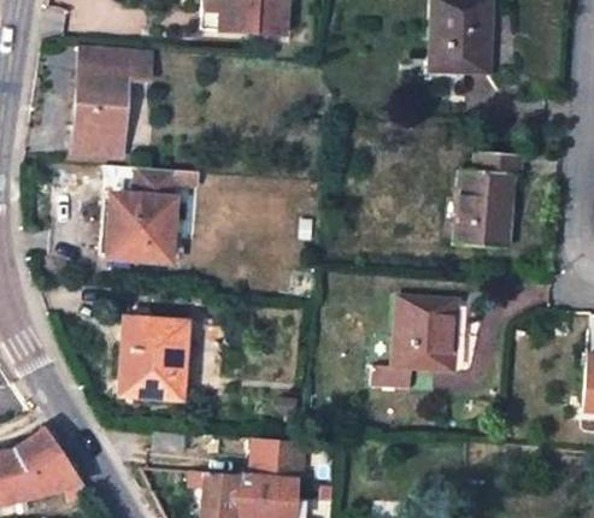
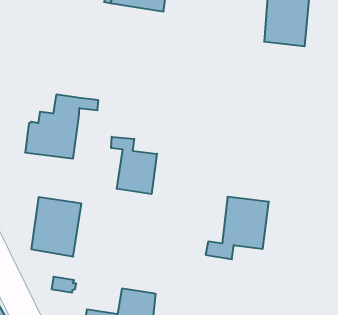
building: [75,43,152,154] -> none
building: [458,149,524,249] -> none
building: none -> [111,137,157,194]

